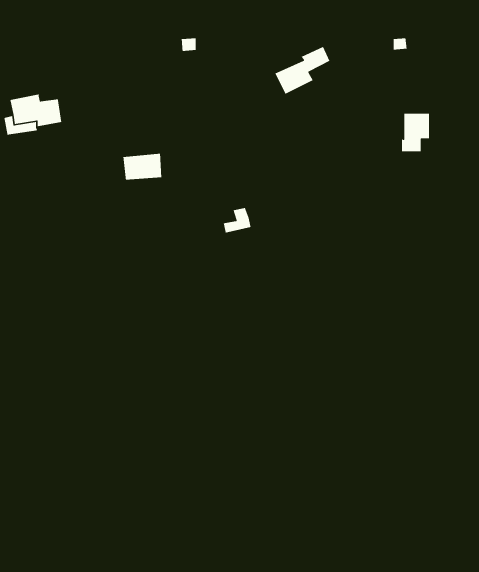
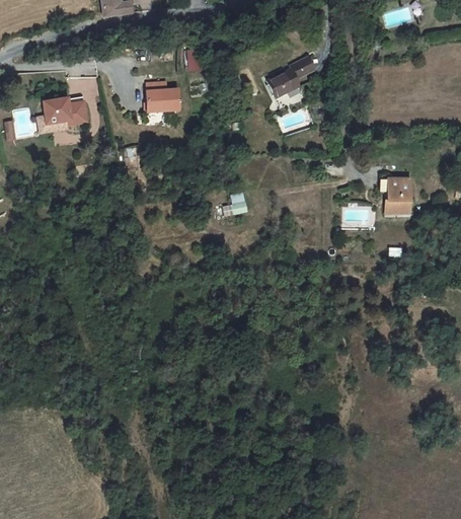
building: [401,113,430,152] -> [387,177,411,211]
building: [123,153,162,180] -> [147,87,180,110]

